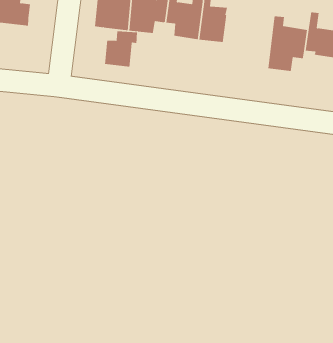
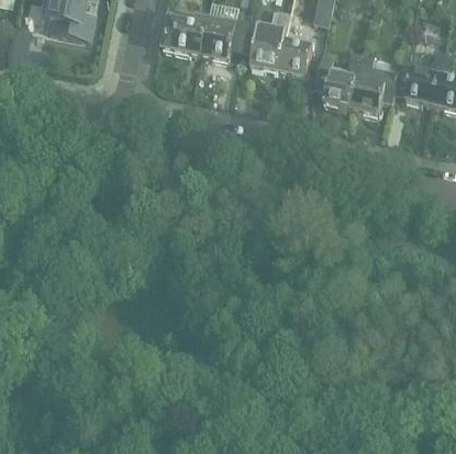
building: none -> [315,49,363,111]
building: [105,30,137,68] -> none

